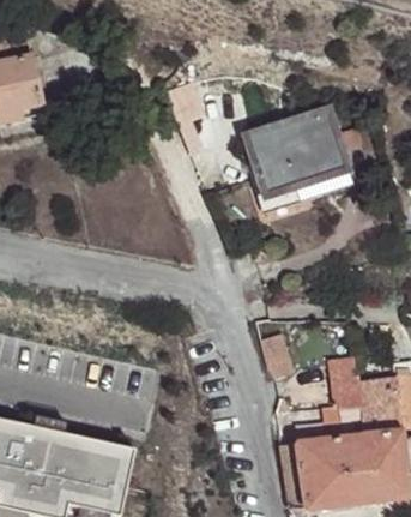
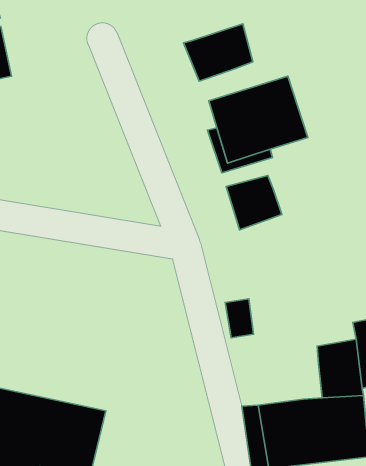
building: none -> [184,24,253,81]
building: none -> [226,176,282,230]
building: [318,354,356,439] -> none

